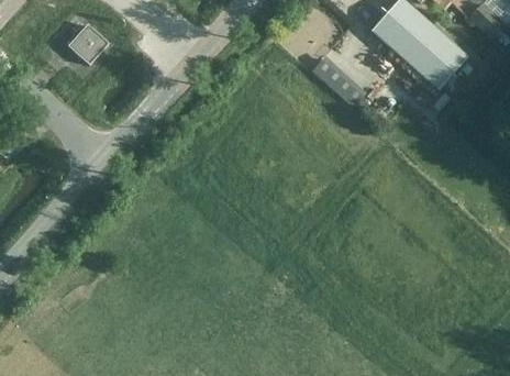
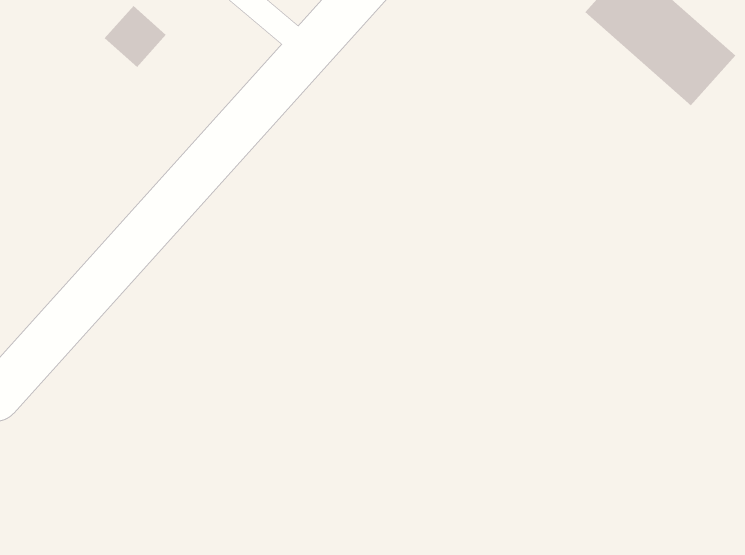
building: [313,52,366,103] -> none

